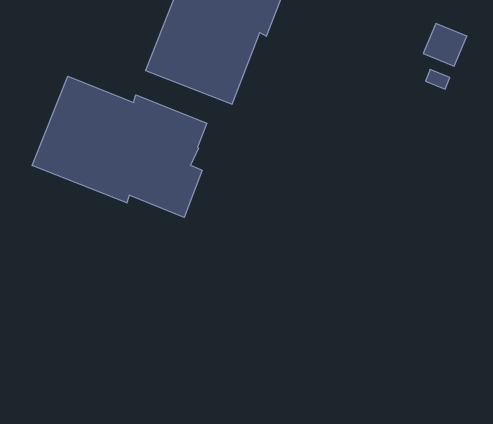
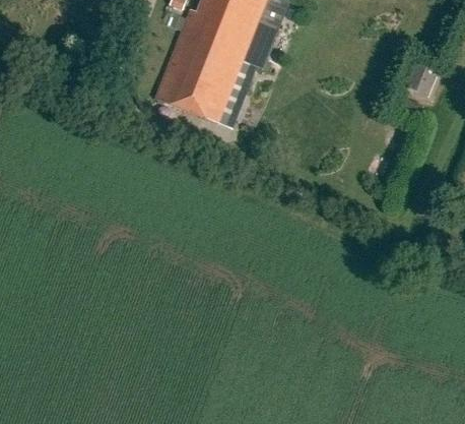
building: [32,76,207,217] -> none

